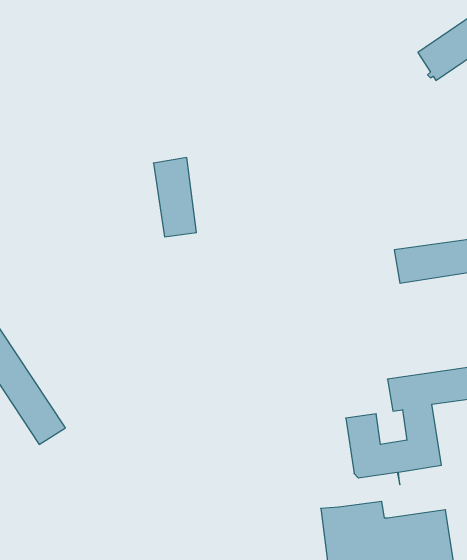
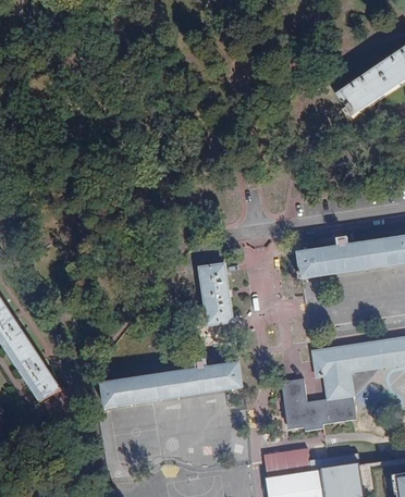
building: [153,158,196,237] -> [198,263,232,325]
building: none -> [297,249,322,278]
building: none -> [100,362,243,408]

